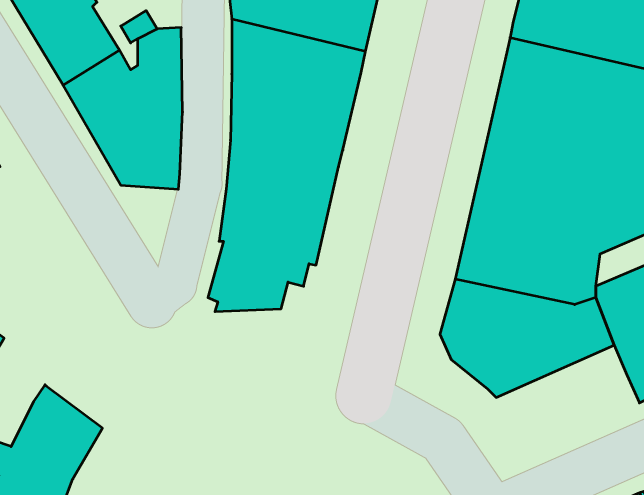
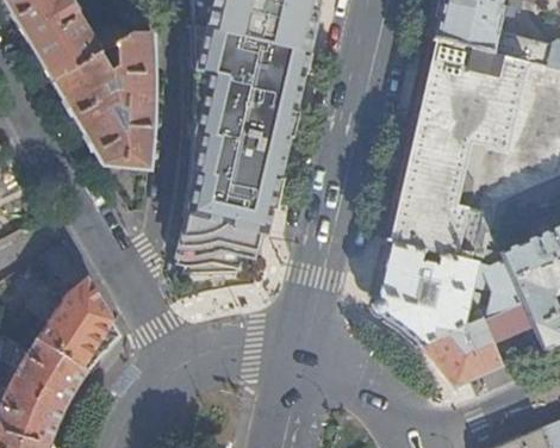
building: none -> [13,239,122,371]
building: none -> [421,300,531,385]

